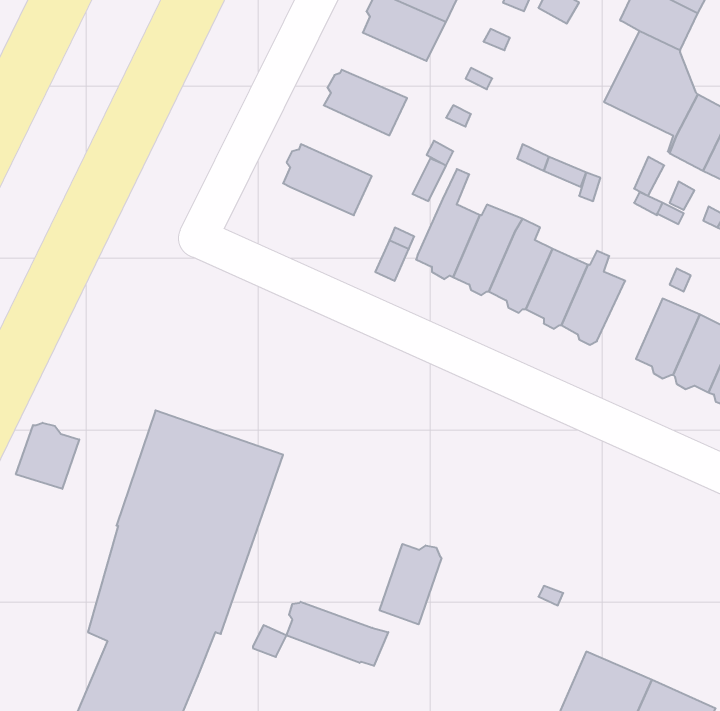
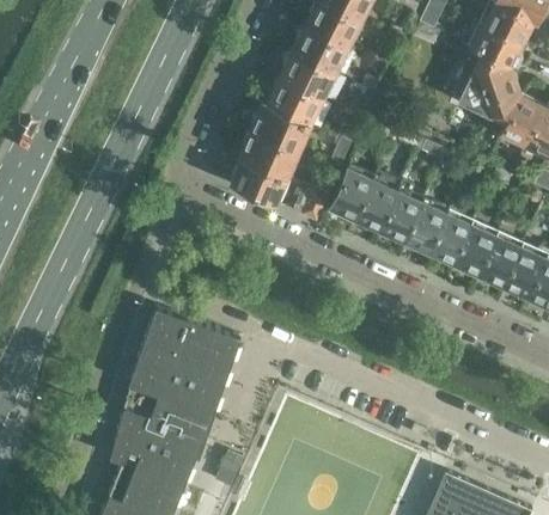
building: none -> [280,54,337,98]
building: none -> [251,103,312,151]
building: none -> [232,158,288,203]
building: none -> [452,221,496,275]
building: [16,423,79,489] -> none
building: [380,544,441,624] -> none
building: [287,602,388,666] -> none

